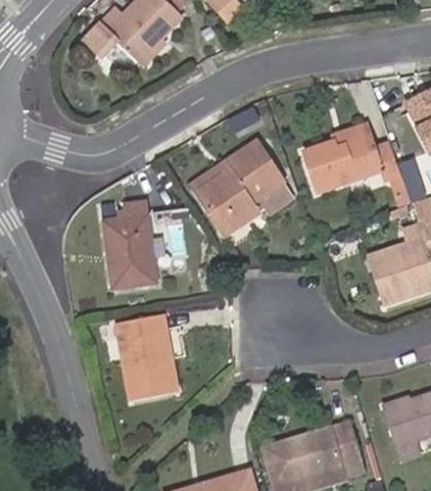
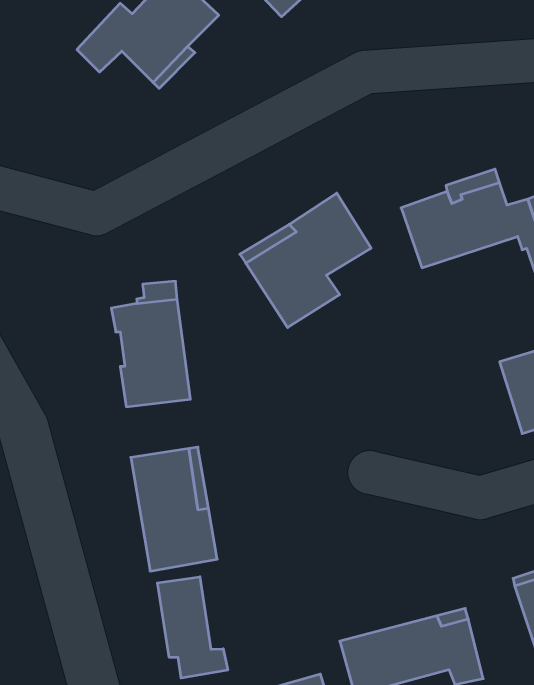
building: none -> [157,577,228,678]

